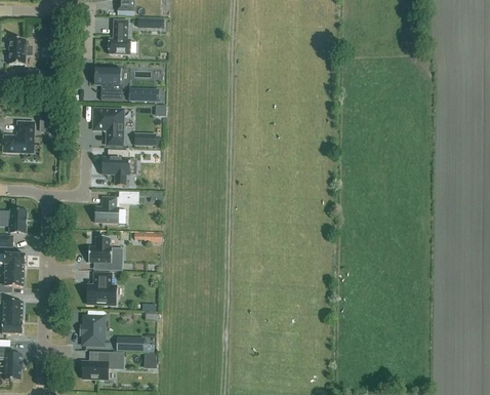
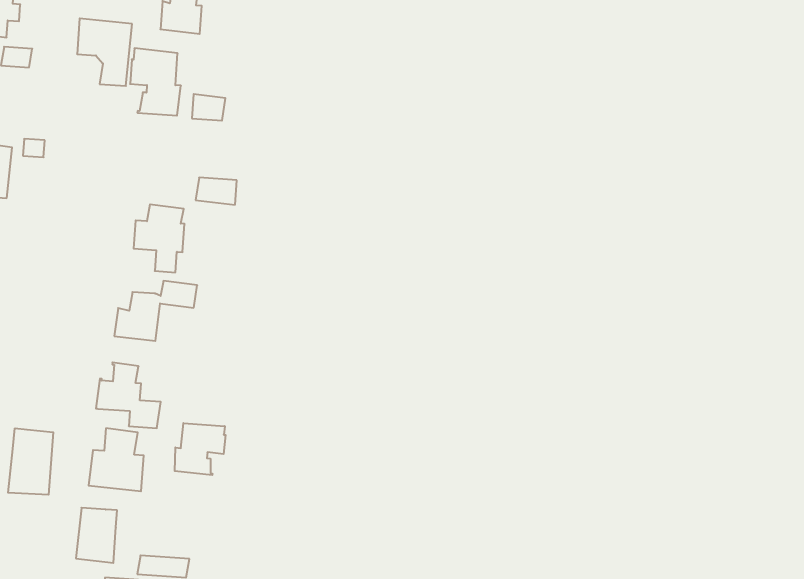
building: [94,109,123,144] -> [77,18,132,86]
building: none -> [175,423,226,475]
building: none -> [8,428,53,495]

